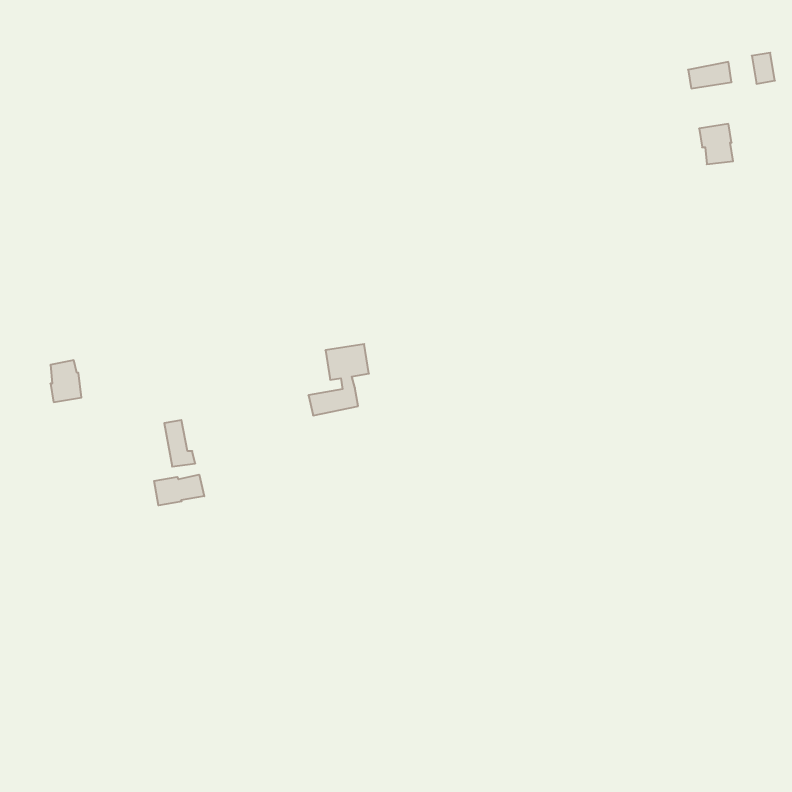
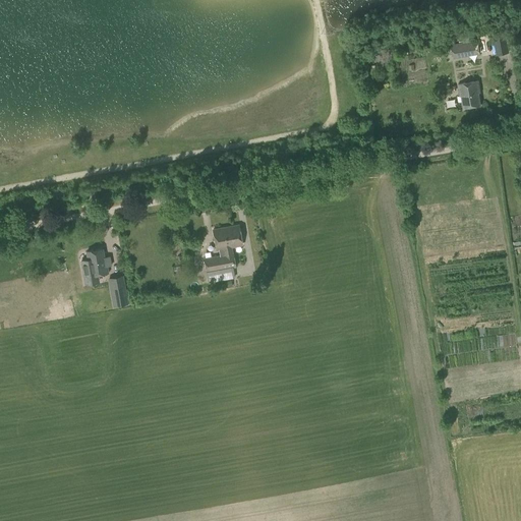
building: [50,360,81,402] -> [86,248,107,276]
building: [154,475,204,505] -> none

